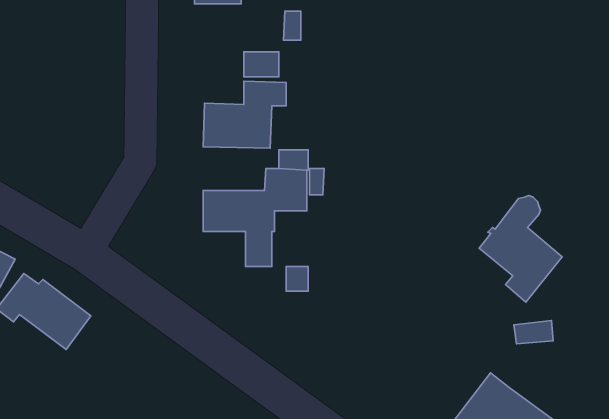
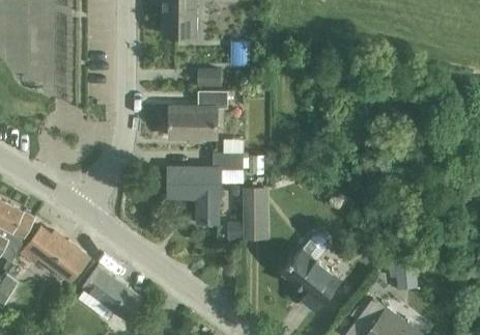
building: [479,196,562,302] -> [281,236,340,312]
building: none -> [246,189,263,239]
building: none -> [78,267,142,322]

